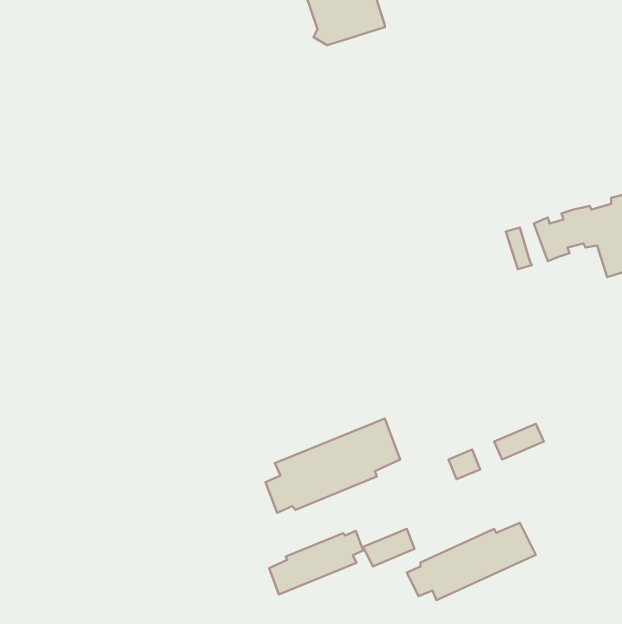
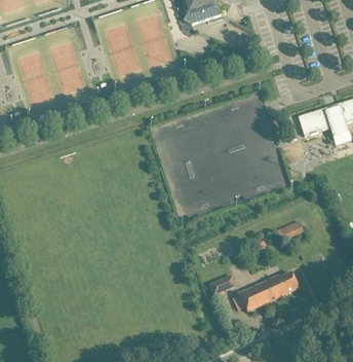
building: [265,418,400,513] -> none
building: [269,531,363,595] -> none

